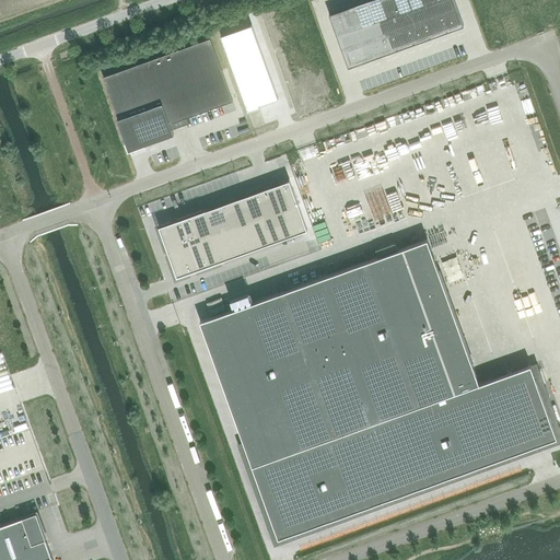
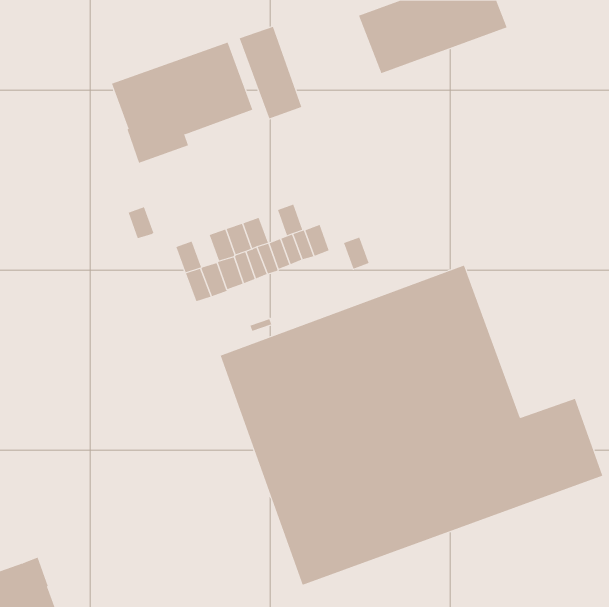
building: [269,184,293,213] -> [343,237,369,269]
building: [237,195,262,225] -> none
building: [176,218,200,247] -> [128,207,154,239]

